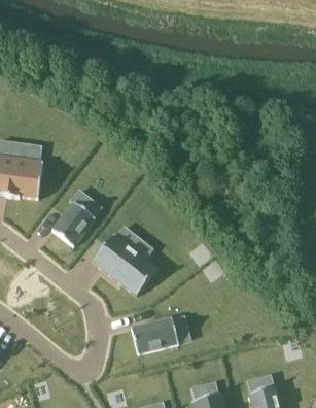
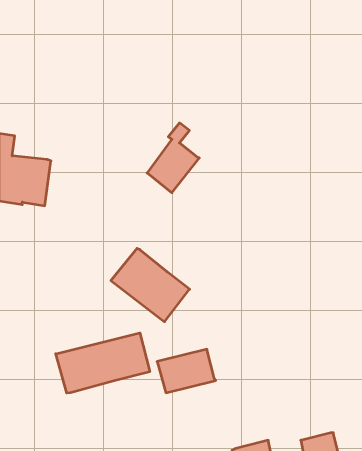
building: [52,188,96,245] -> [147,123,199,193]
building: none -> [56,333,150,393]

